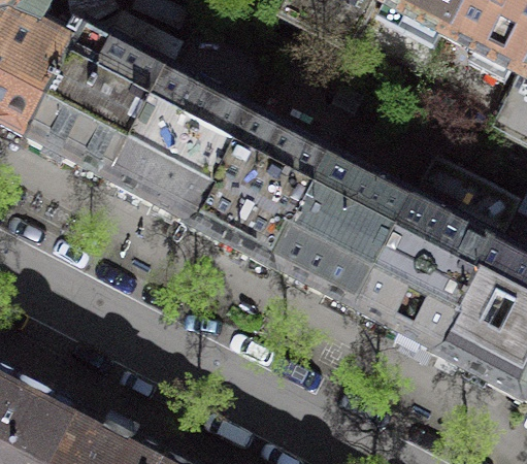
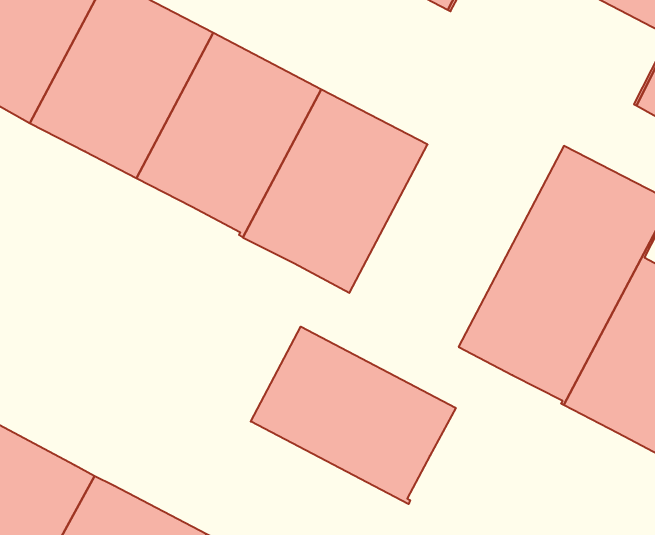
building: [272,155,436,309] -> none
building: none -> [251,327,456,504]

